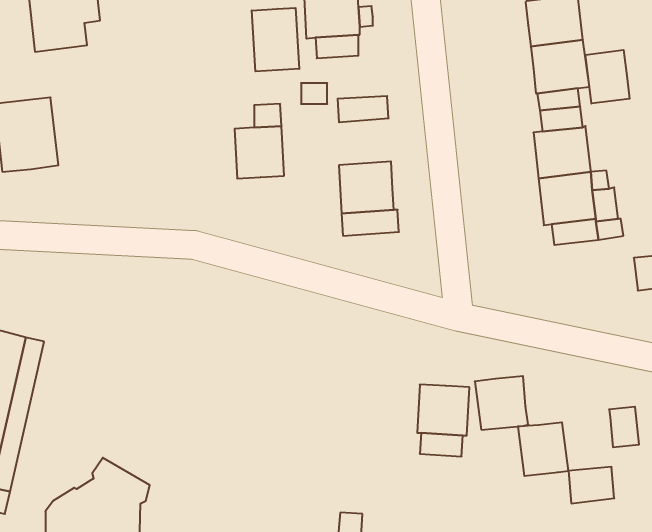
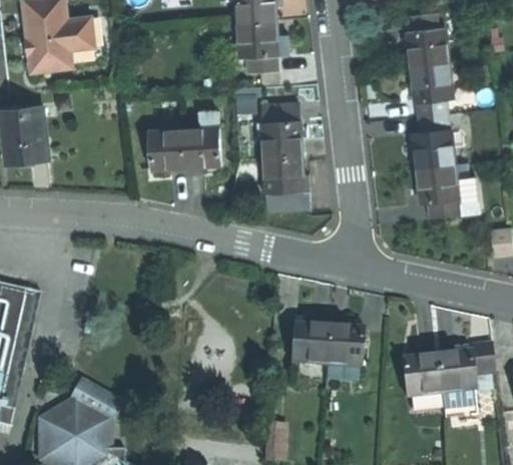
building: [252,8,299,71] -> none
building: [585,50,630,104] -> none
building: none -> [261,121,303,157]
building: none -> [146,129,184,169]
building: [475,376,528,430] -> [434,351,475,392]
building: none -> [290,324,325,363]

